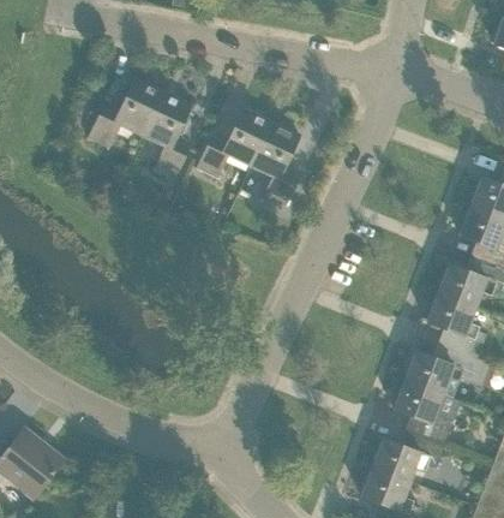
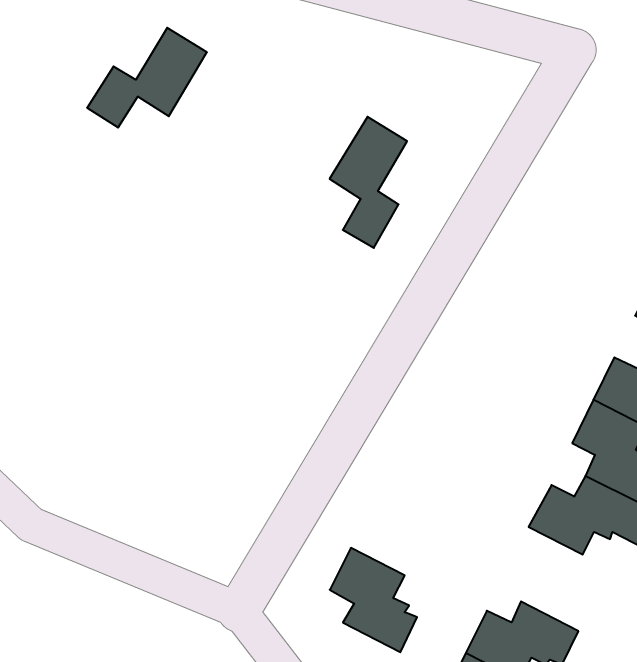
building: [143,90,192,177] -> none
building: [198,108,272,175] -> none
building: [395,379,454,443] -> [330,548,417,652]

